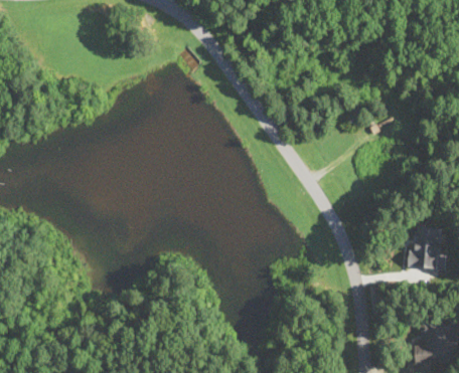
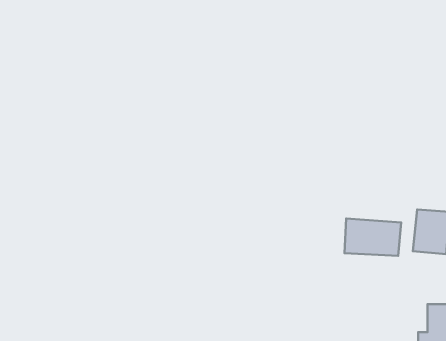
building: none -> [345,219,401,256]

